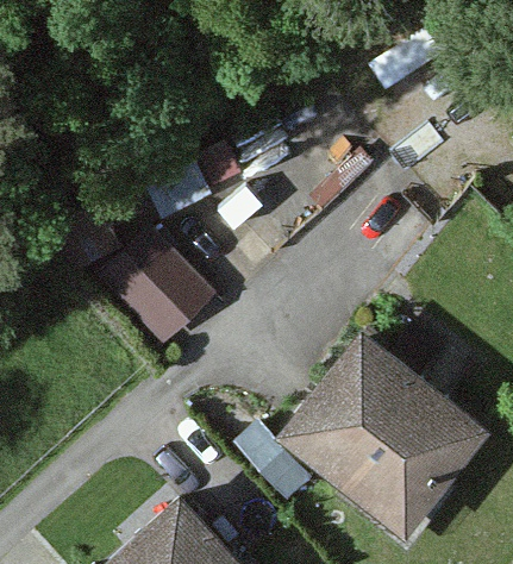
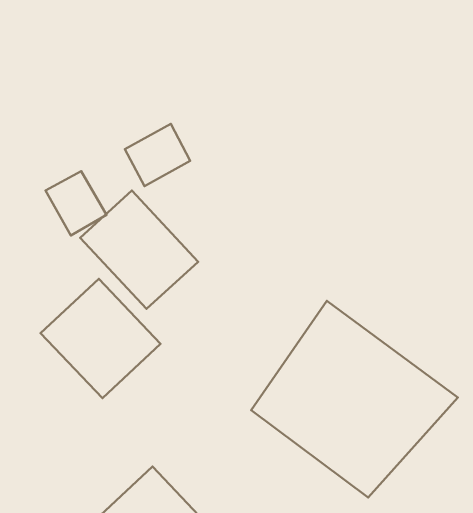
building: none -> [41,279,161,398]

